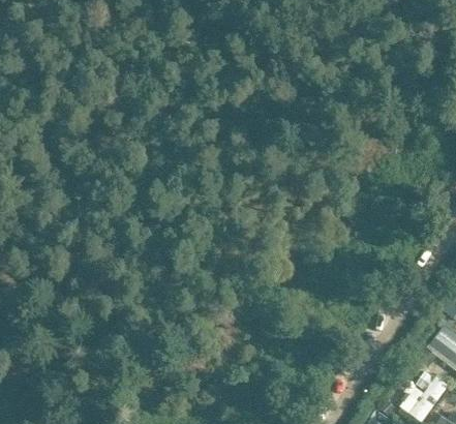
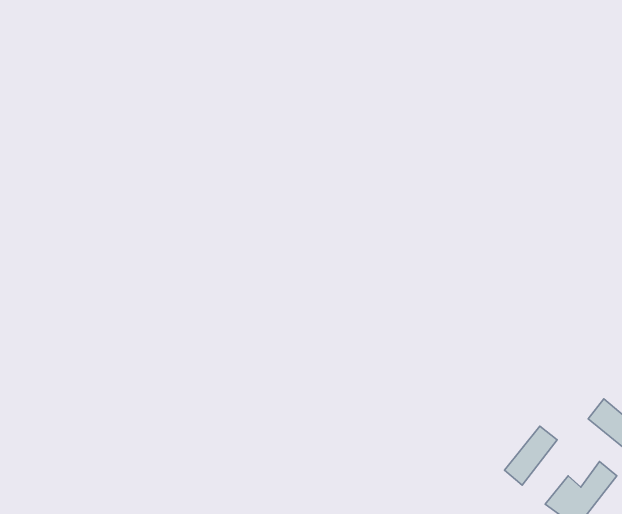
building: none -> [504,426,557,485]

